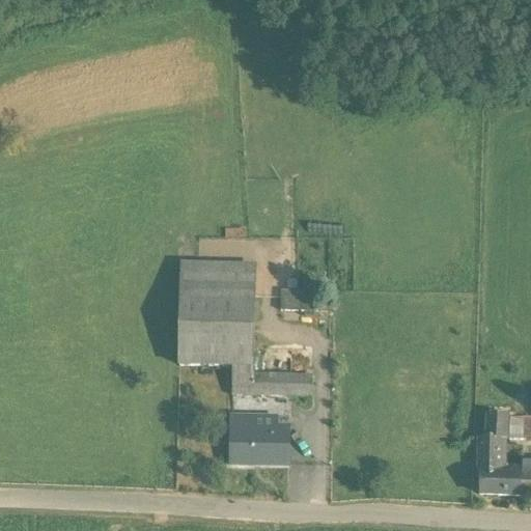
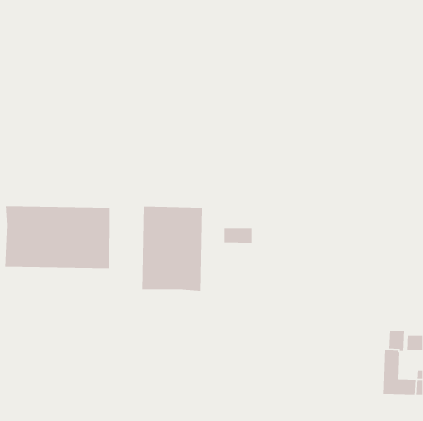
building: none -> [5,205,110,269]
building: [227,364,311,395] -> none
building: [230,414,287,460] -> none

